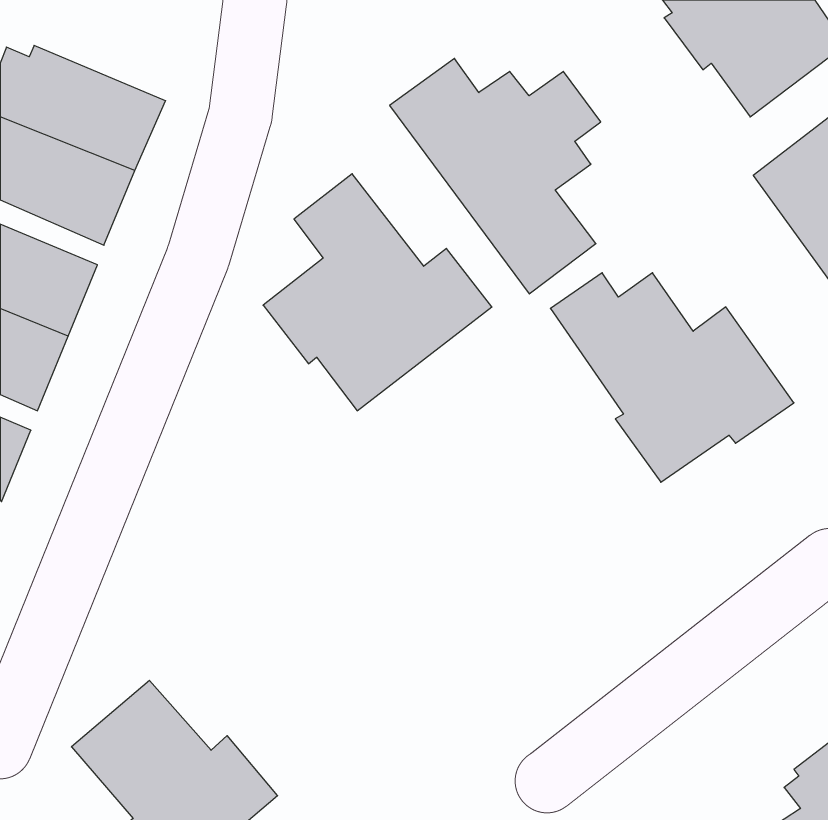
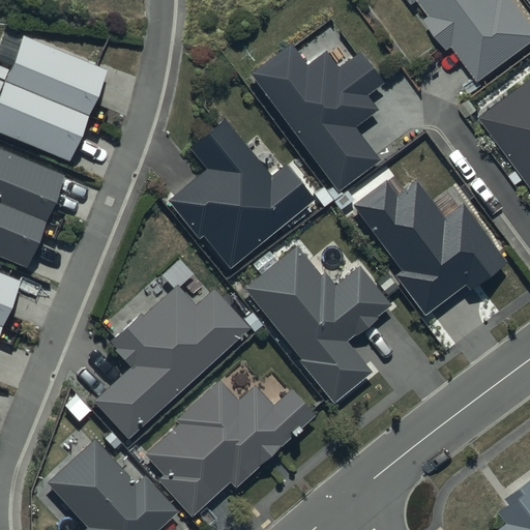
building: none -> [244,246,393,404]
building: none -> [91,287,249,440]
building: none -> [144,380,315,518]

